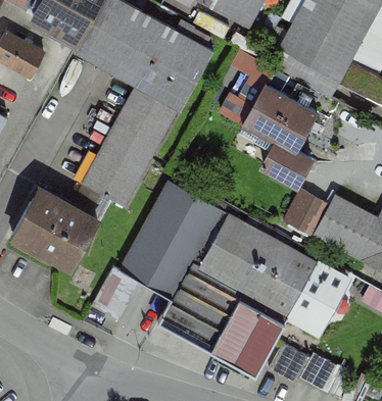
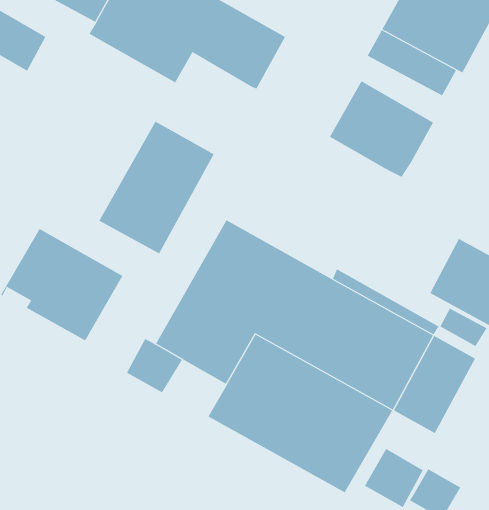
building: [122,64,190,136] -> none
building: [272,147,312,186] -> none
building: [283,191,328,239] -> none

